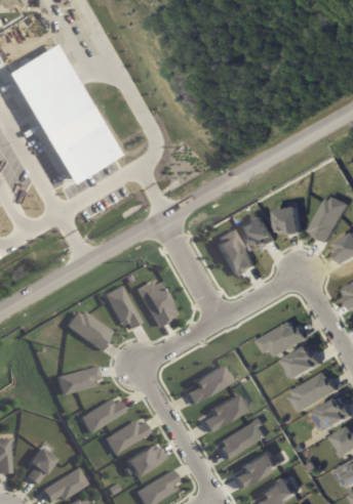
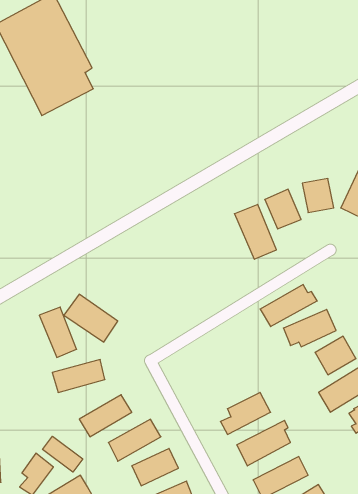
building: [50,124,118,182] -> none
building: [136,278,177,326] -> none
building: [106,285,139,329] -> [39,307,77,357]
building: [183,366,233,403] -> [260,285,317,327]
building: none -> [43,436,83,472]

